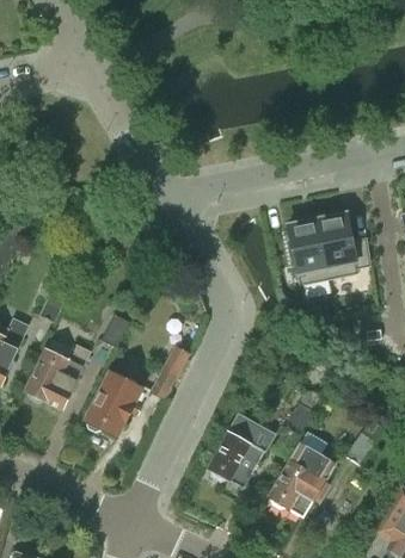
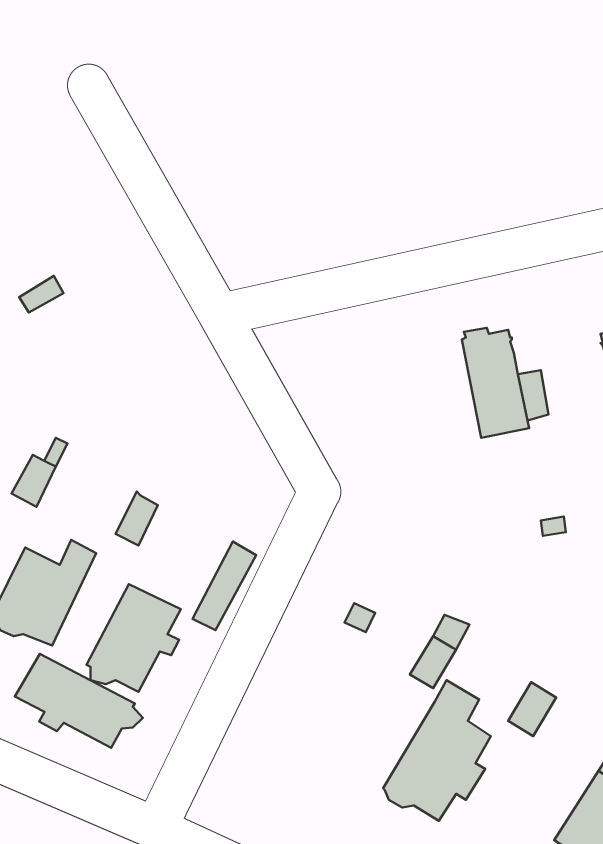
building: [287,217,329,285] -> none
building: [208,413,274,488] -> none
building: none -> [15,654,143,748]

